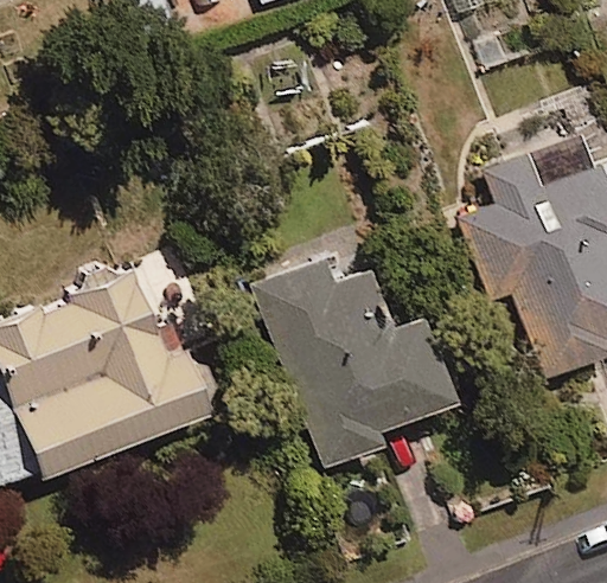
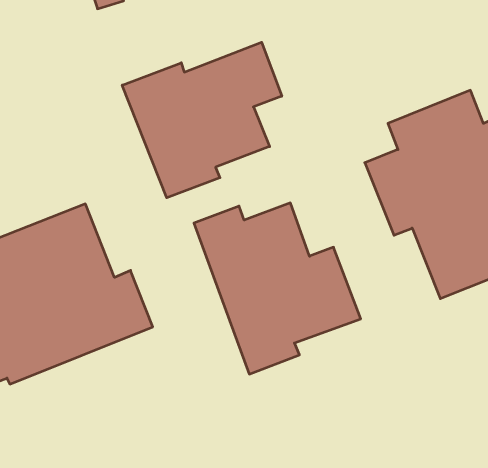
building: none -> [122,42,282,198]

